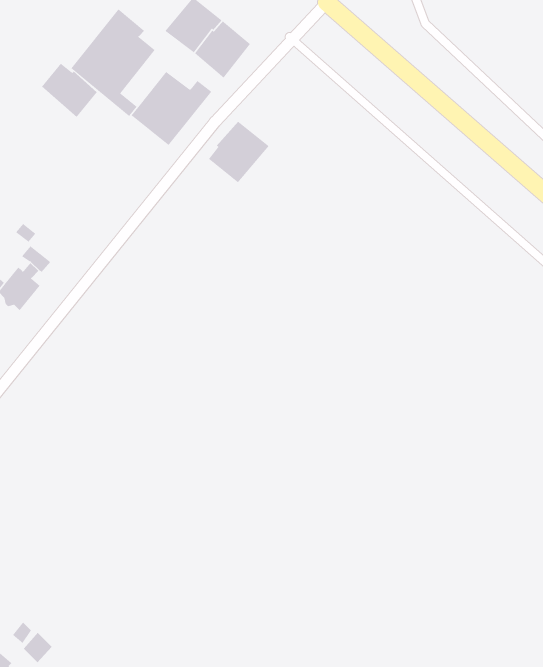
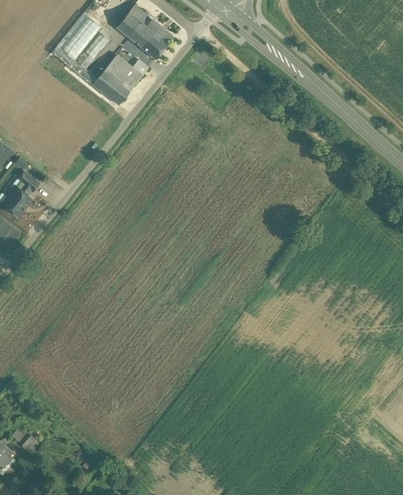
building: [41,63,97,118] -> none
building: [208,121,270,183] -> none

